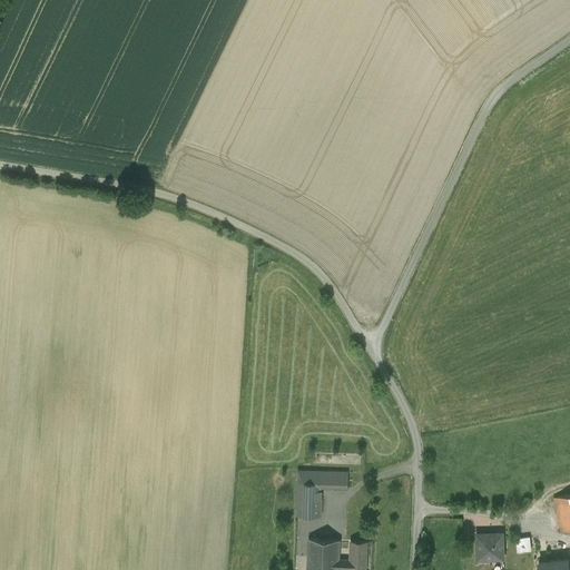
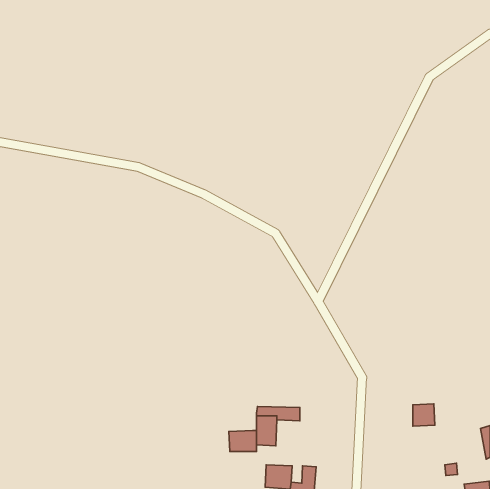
building: none -> [229,431,257,451]
building: [476,535,502,561] -> [413,404,435,426]

